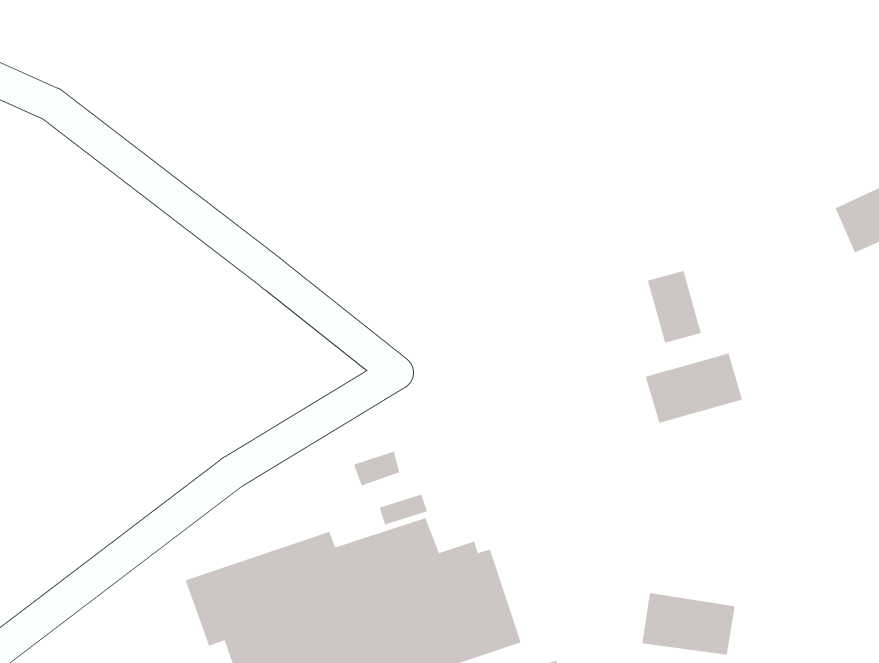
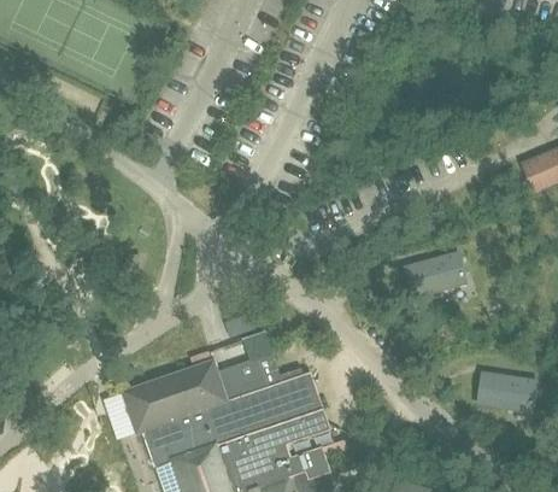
building: [647,270,702,343] -> none
building: [641,592,735,655] -> [476,371,534,410]

